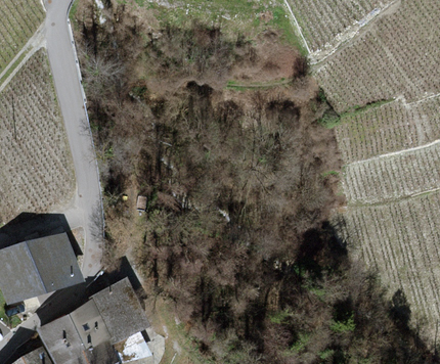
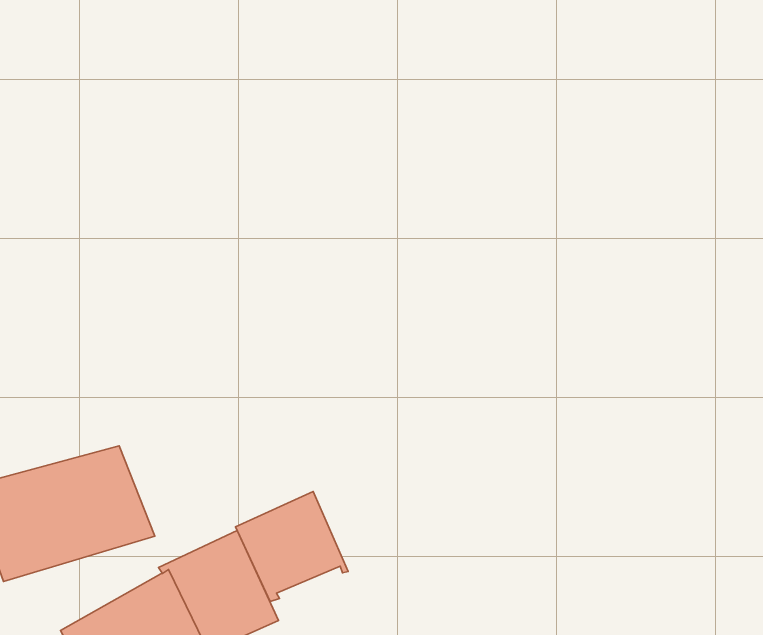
building: none -> [236,492,348,601]

